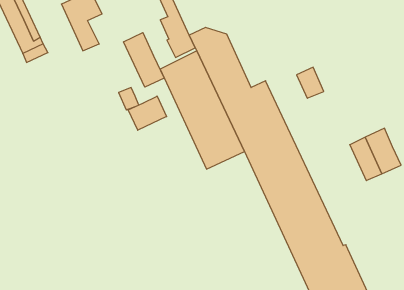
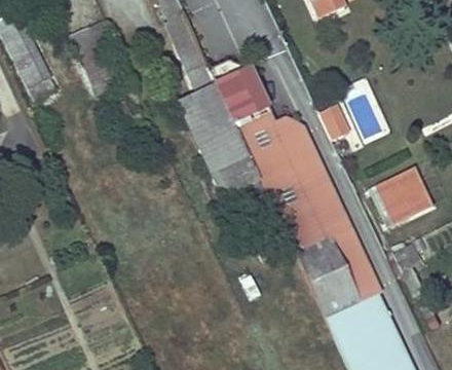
building: [124,33,164,87] -> none
building: [128,96,167,130] -> none

